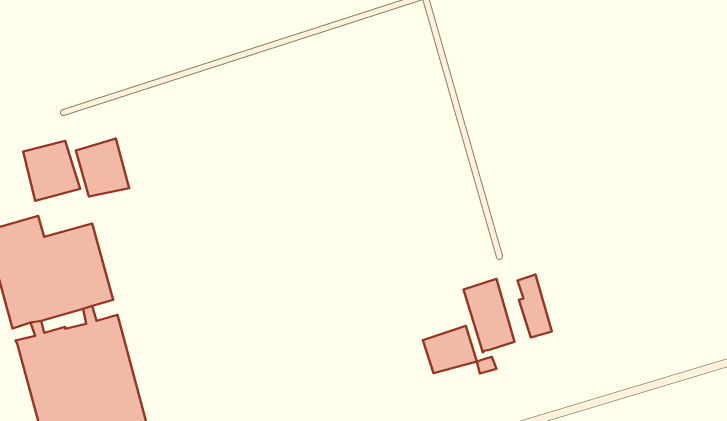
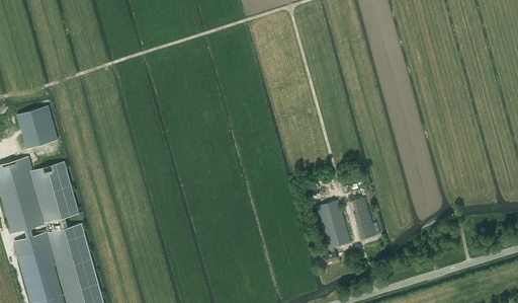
building: [76,139,129,197] -> none
building: [423,326,477,373] -> none

